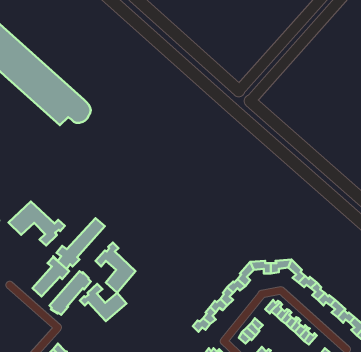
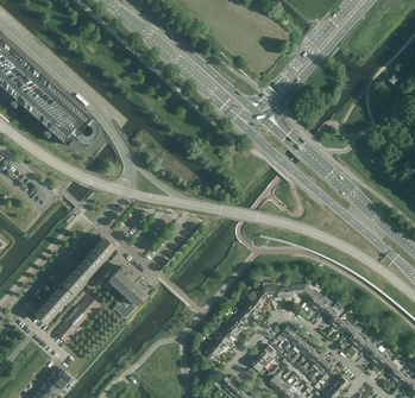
building: [9,201,65,246] -> none
building: [80,284,127,321] -> none

